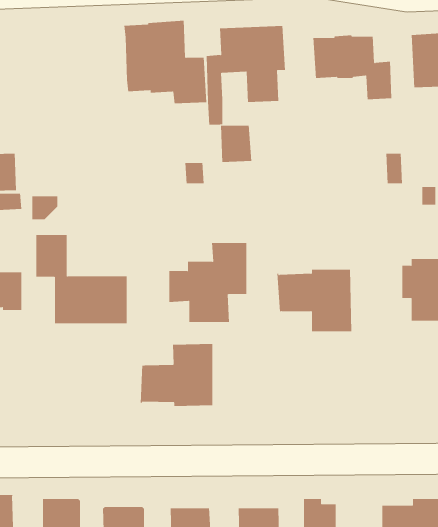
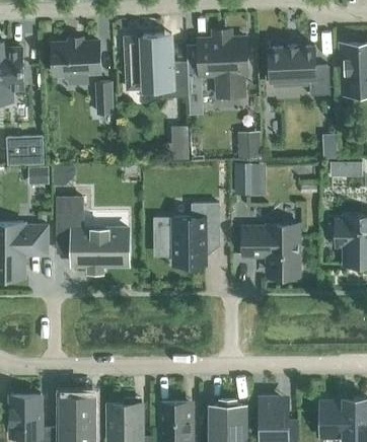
building: none -> [52,43,100,75]
building: none -> [95,81,114,115]
building: [220,125,252,163] -> [237,132,262,160]
building: none -> [234,164,256,194]
building: [140,343,213,407] -> none

